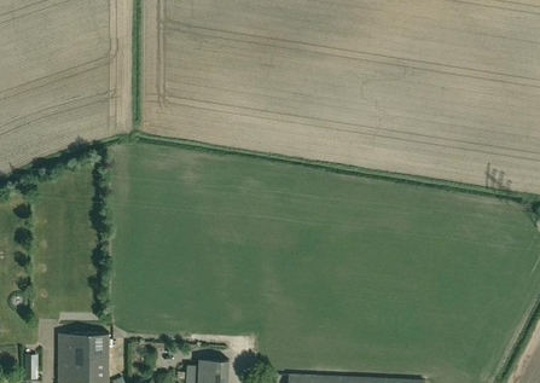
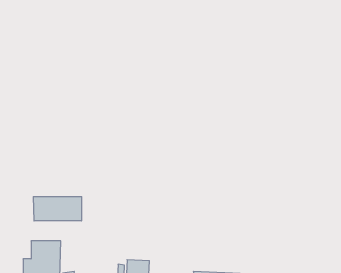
building: none -> [33,197,82,221]

